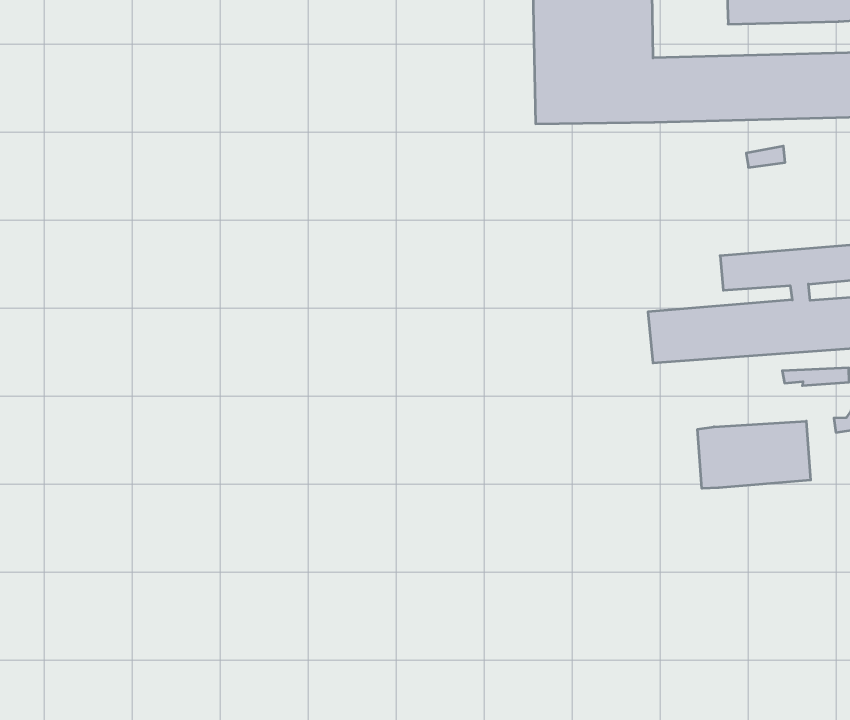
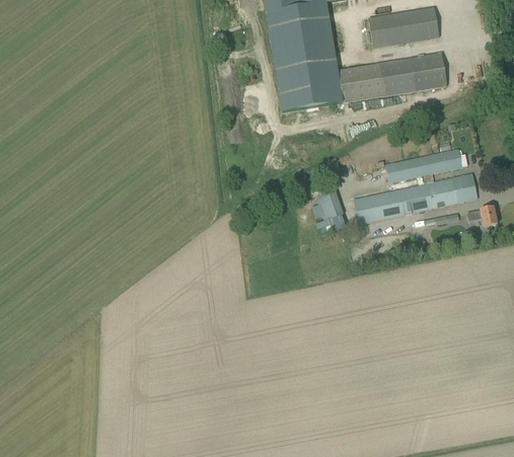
building: none -> [312,184,345,231]
building: [698,421,811,488] -> none

